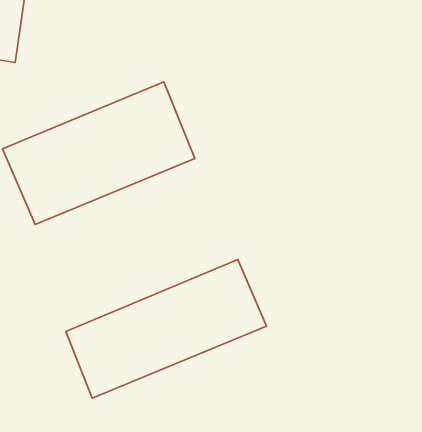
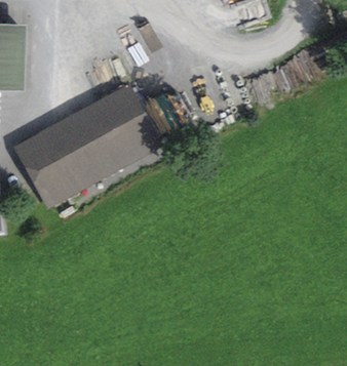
building: [66,260,266,398] -> none

